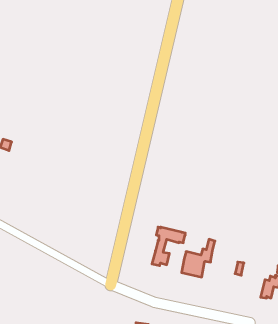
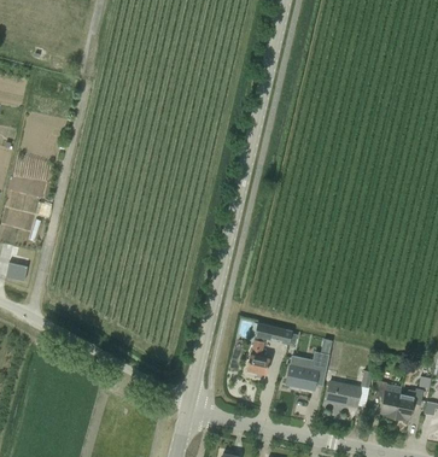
building: none -> [326,381,361,406]
building: none -> [375,381,401,418]

